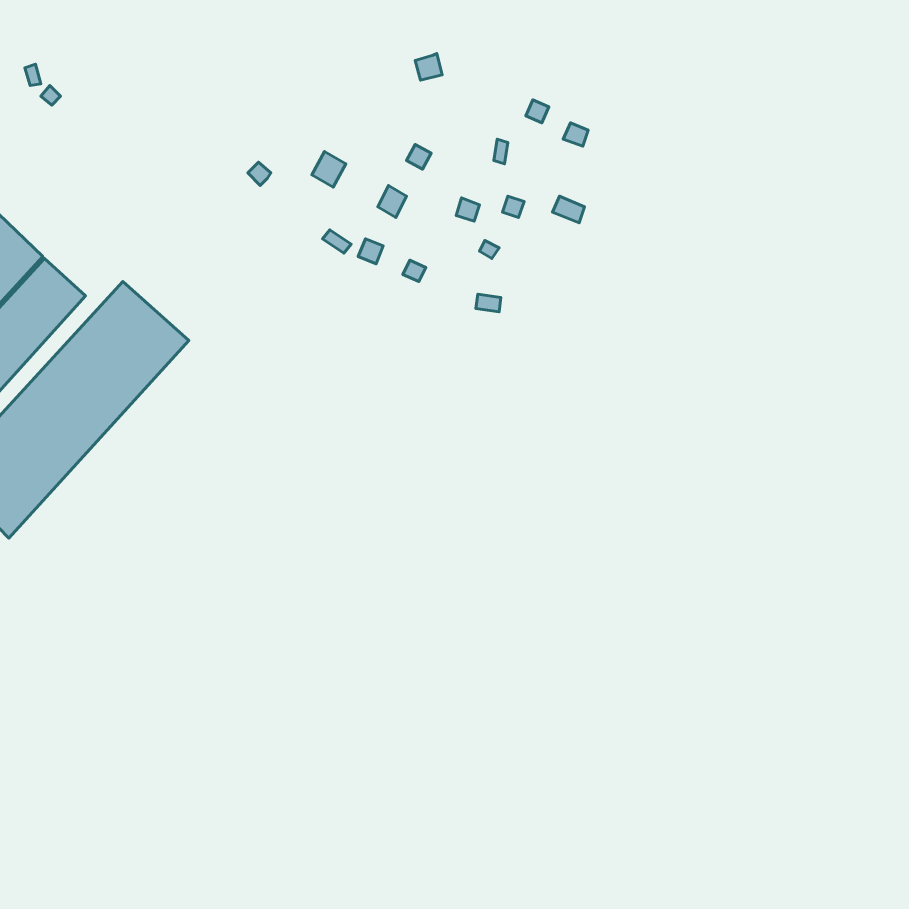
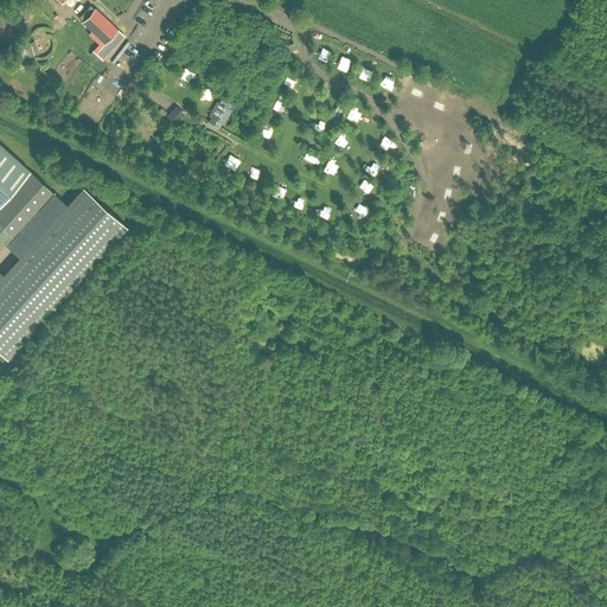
building: none -> [82,12,117,46]

